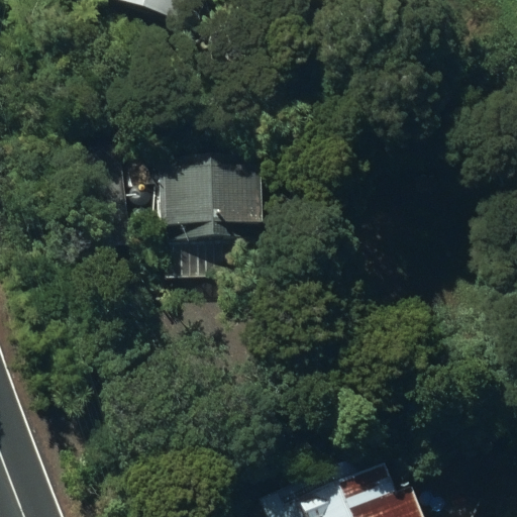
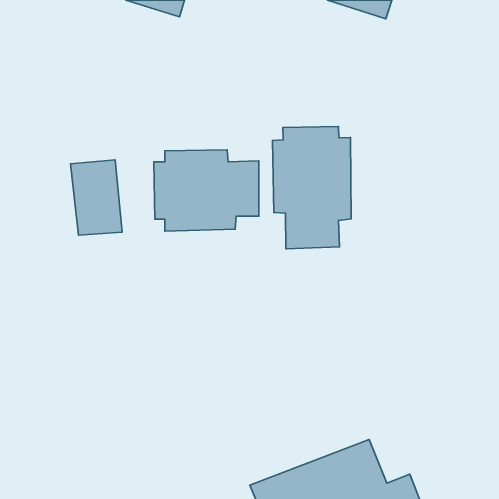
building: none -> [273,126,351,249]

